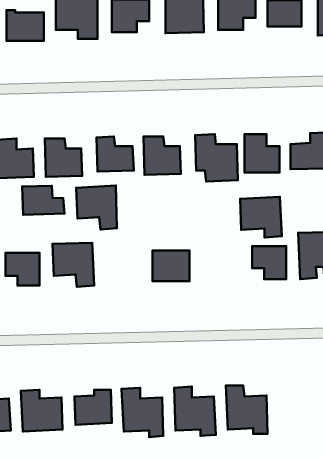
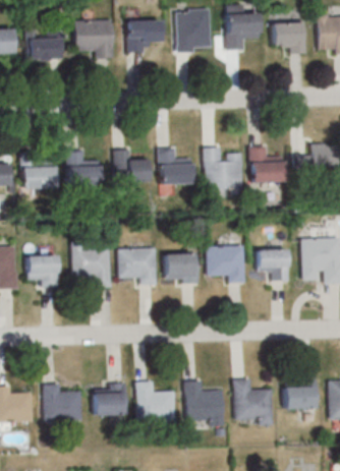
building: [76,185,117,229] -> [118,247,156,288]
building: [22,186,64,215] -> none
building: [240,197,282,237] -> [206,245,244,283]
building: none -> [283,378,317,409]

